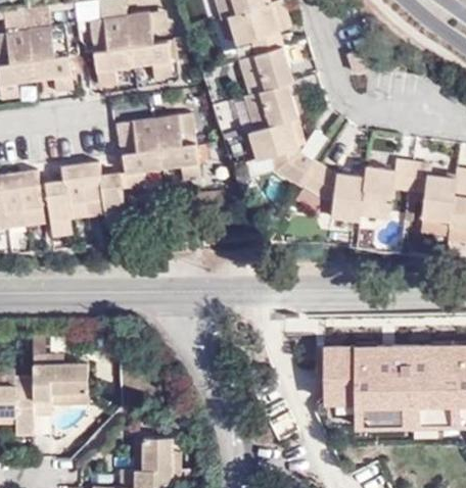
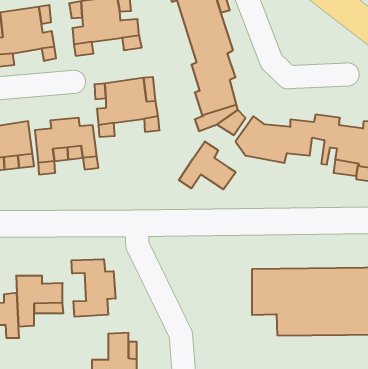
building: none -> [179,141,236,189]
building: none -> [72,259,116,317]

